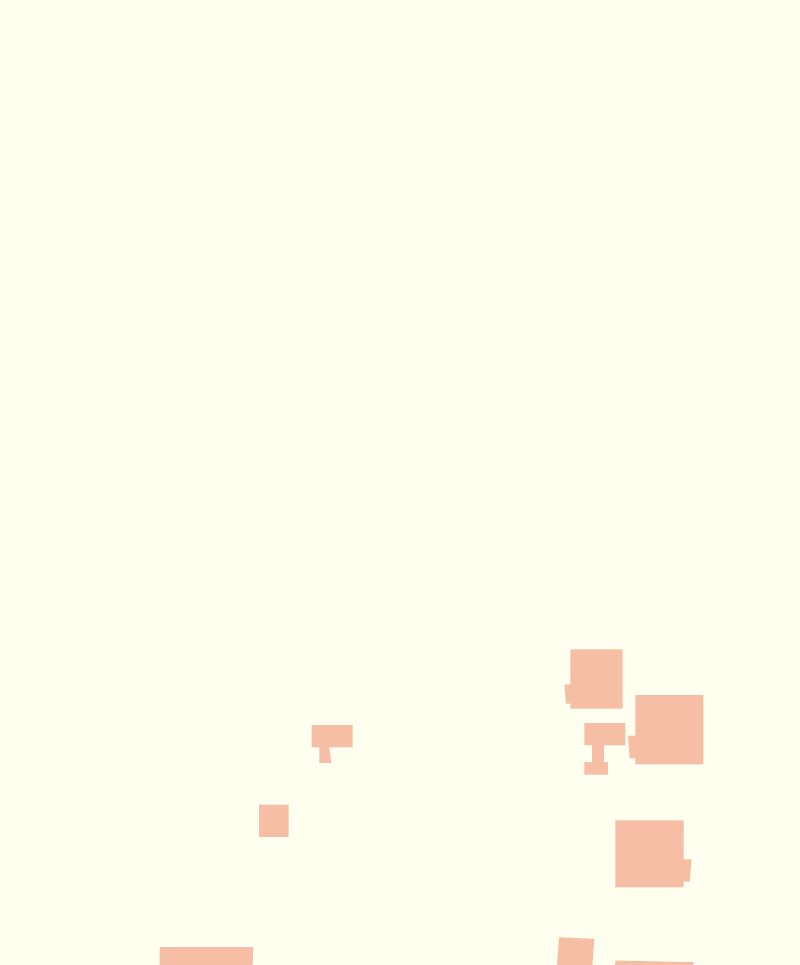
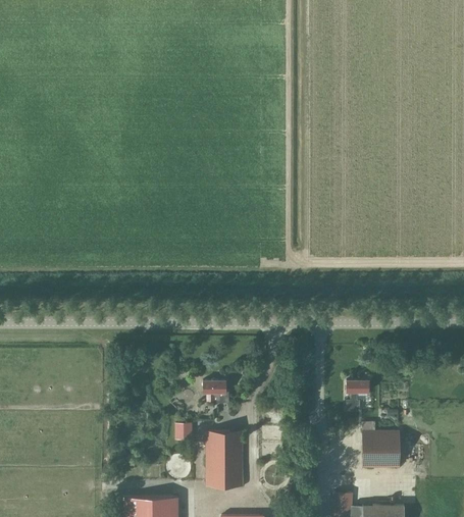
building: [564,649,623,710] -> none
building: [627,694,704,765] -> none
building: none -> [207,431,243,486]

